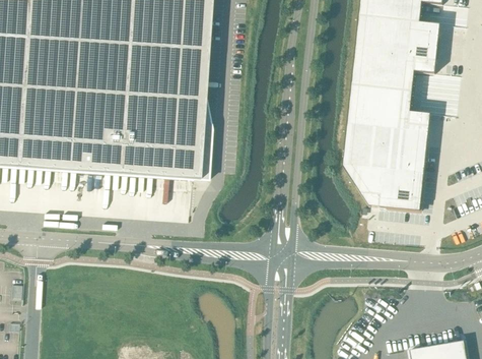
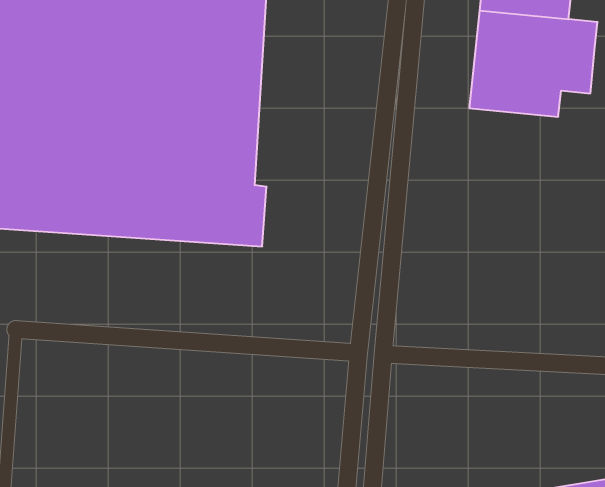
building: [342,83,430,212] -> none

